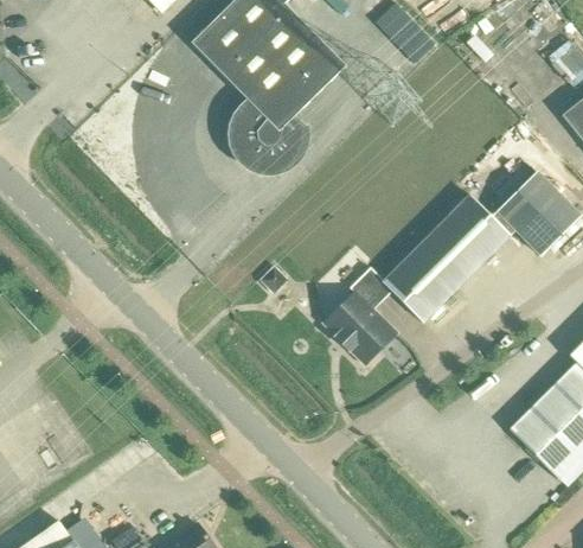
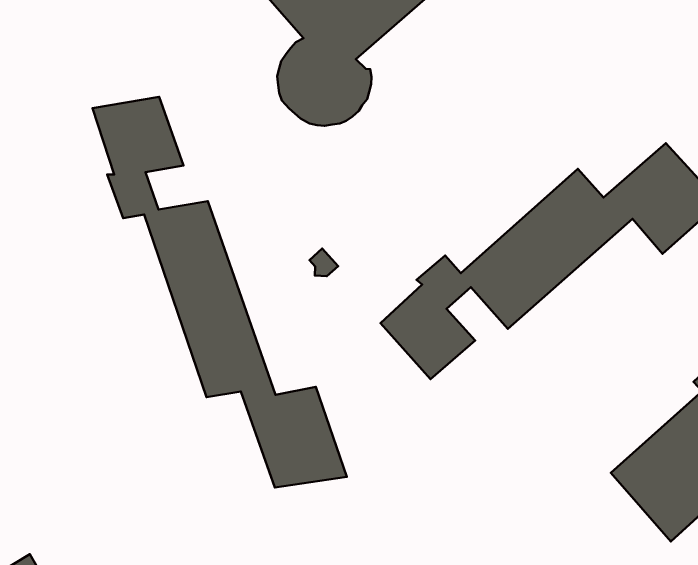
building: none -> [92,97,347,488]

